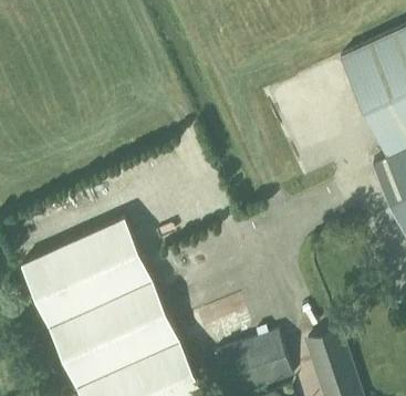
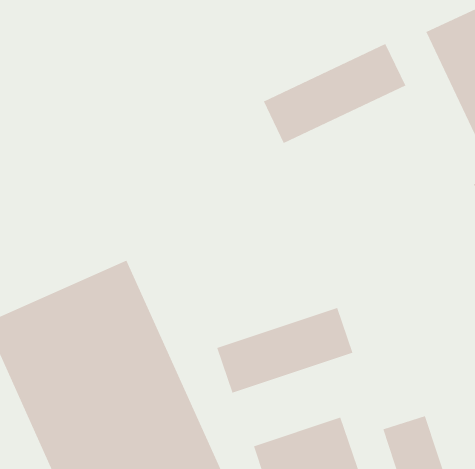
building: none -> [263,43,406,144]
building: none -> [216,307,353,394]

